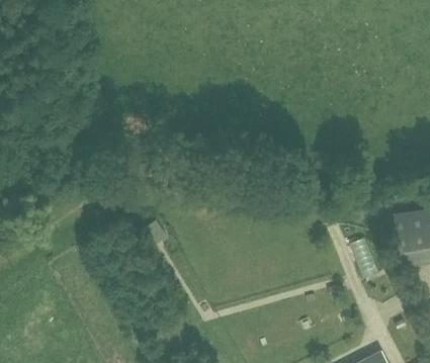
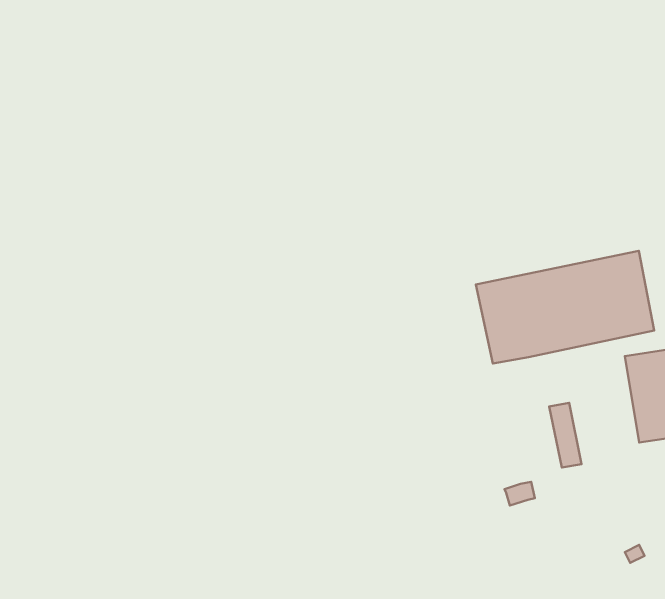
building: none -> [476,251,654,363]

